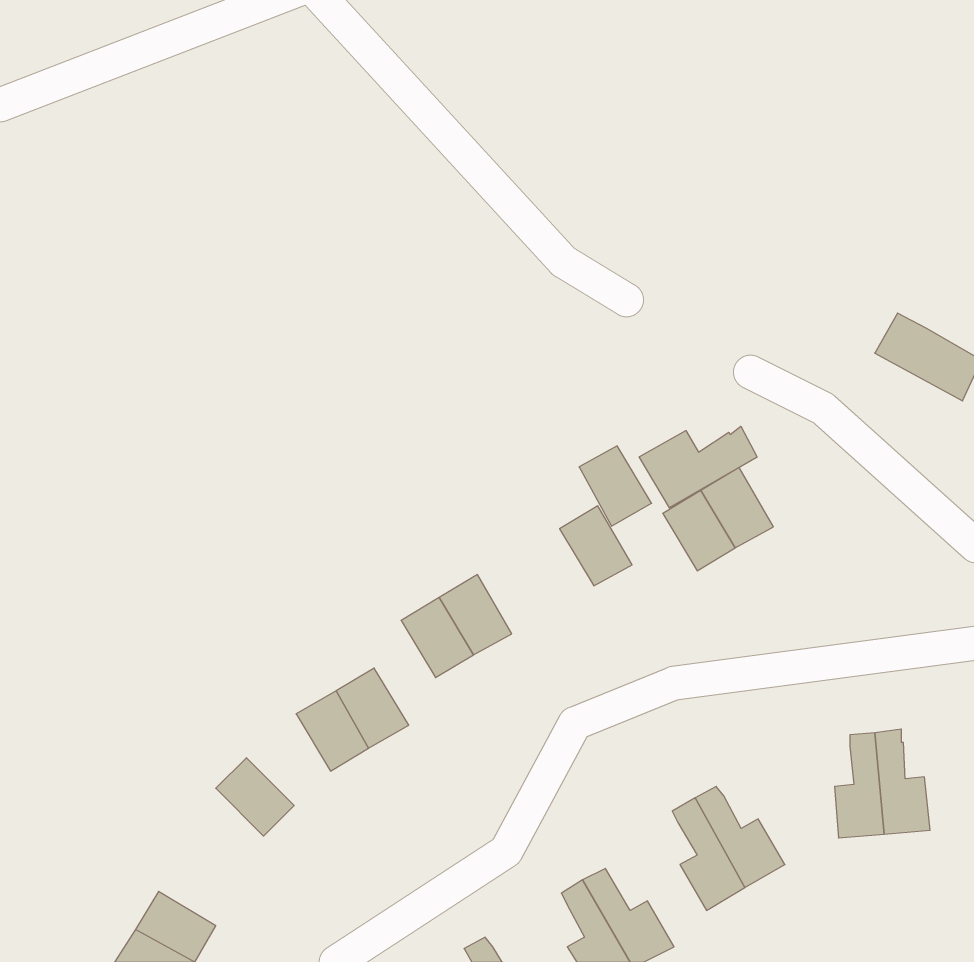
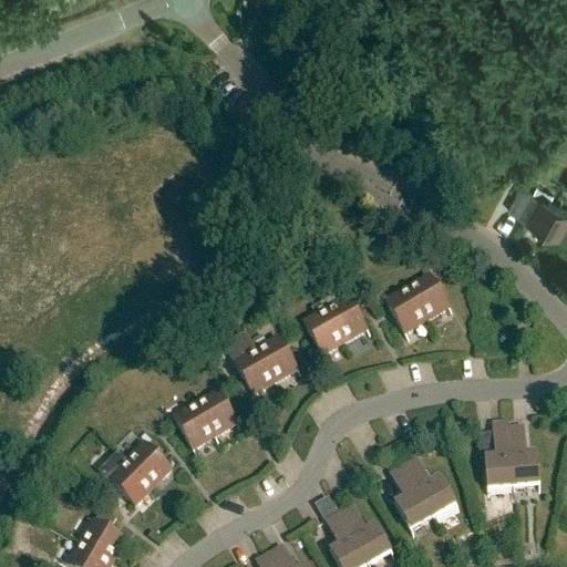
building: [639,426,757,508] -> none
building: [579,446,652,526] -> [303,307,346,353]
building: none -> [109,457,154,504]

